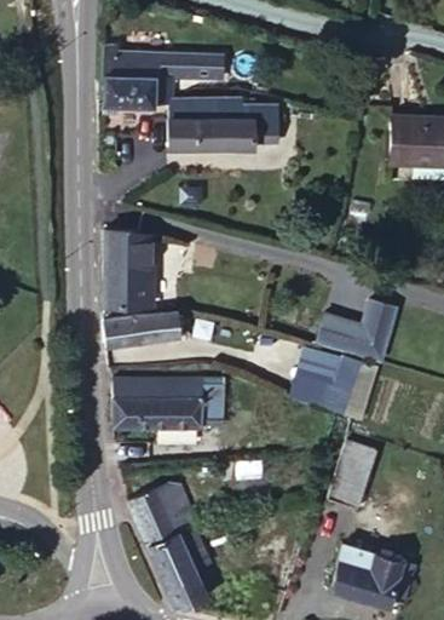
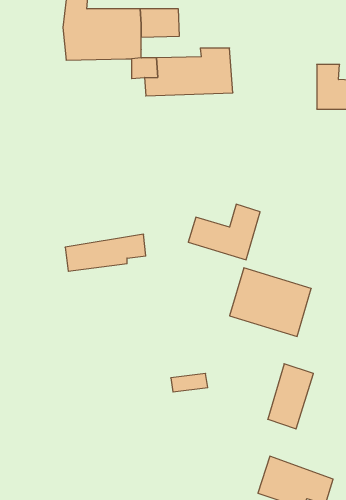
building: [104,230,152,304] -> none
building: [317,297,397,358] -> [188,204,260,260]
building: [114,374,220,425] -> none
building: [132,495,201,596] -> none

